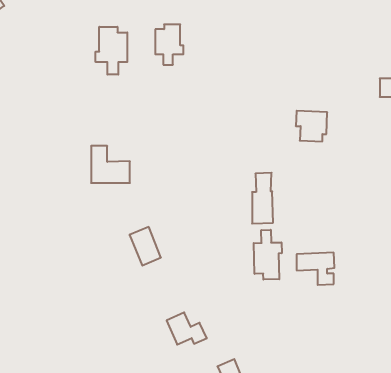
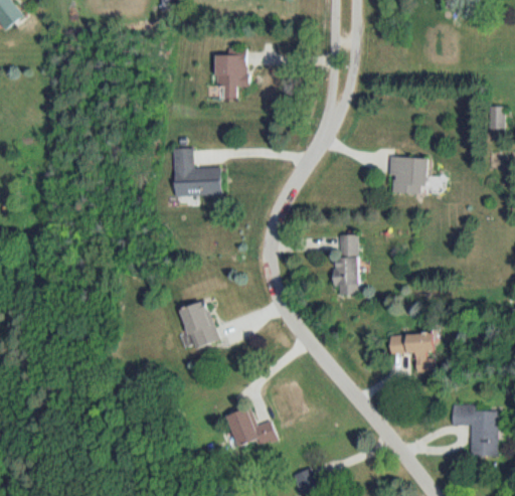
building: [96,27,127,75] -> none
building: [91,146,130,183] -> [171,148,219,194]
building: [254,230,282,280] -> none
building: none -> [450,403,494,457]

